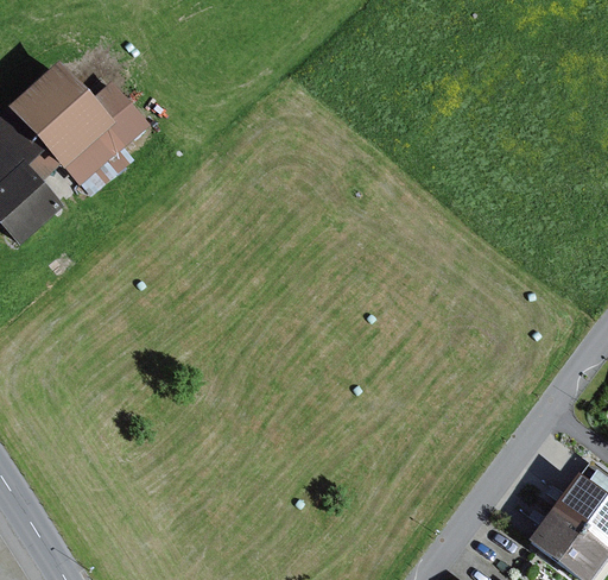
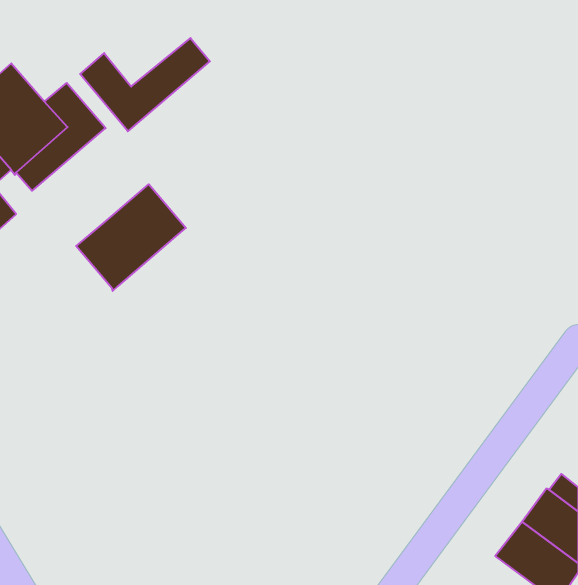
building: none -> [80,38,210,131]
building: none -> [76,184,186,291]

